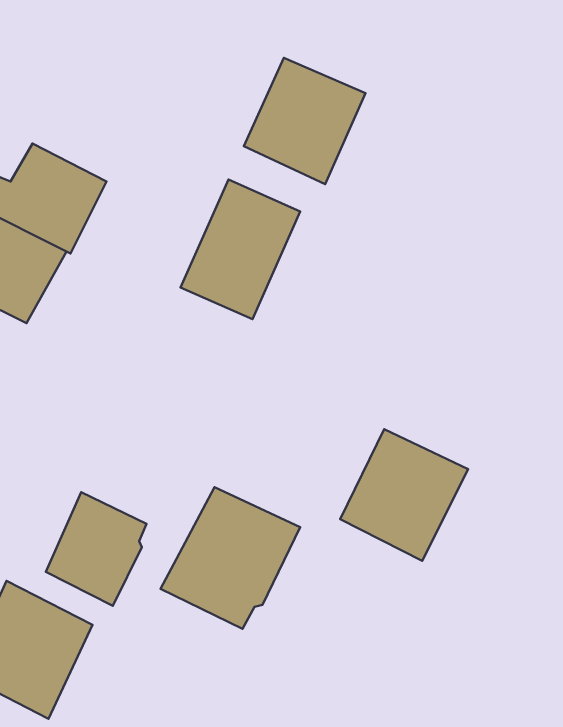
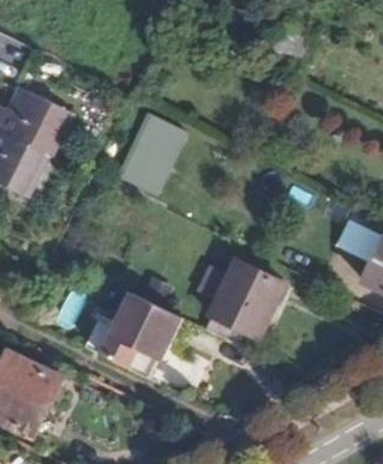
building: [244,58,366,184] -> none
building: [46,492,147,606] -> none

